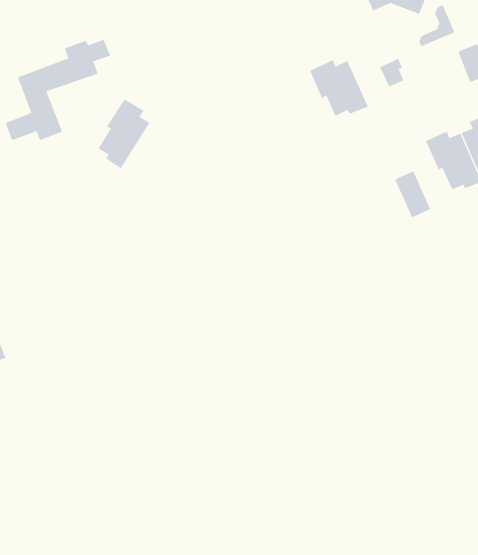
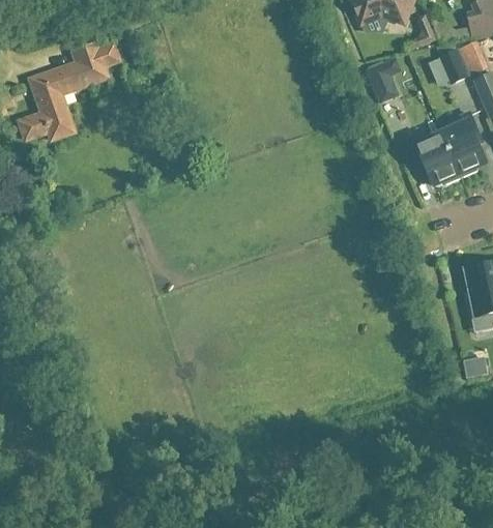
building: [309,59,368,117] -> none
building: [98,98,150,169] -> none
building: [394,171,431,218] -> none

